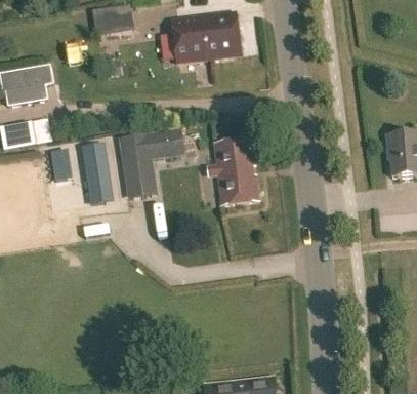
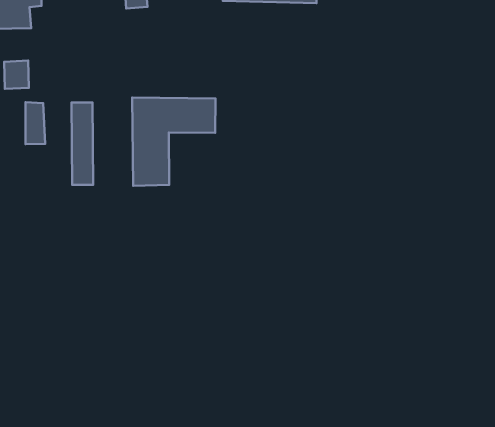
building: [216,140,257,203] -> none

